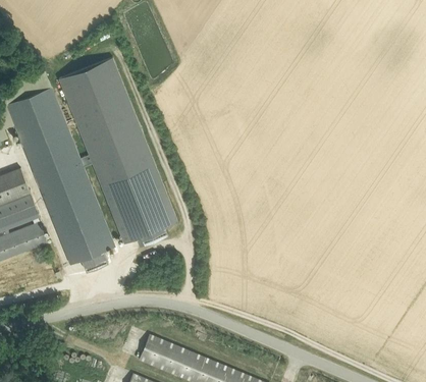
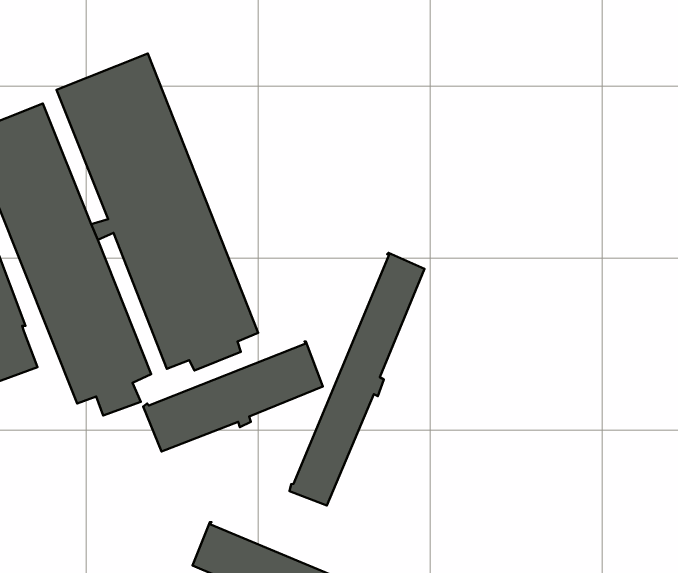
building: none -> [289,253,425,506]
building: none -> [143,341,323,451]

